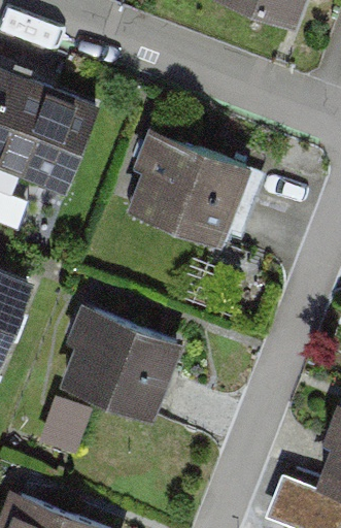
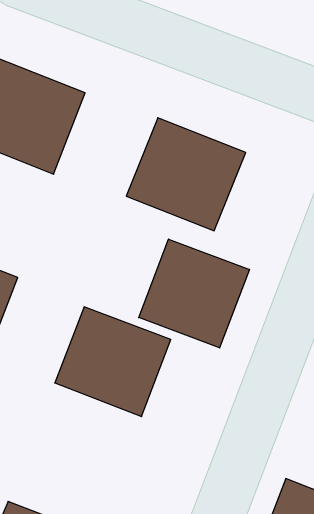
building: none -> [139,239,249,348]

